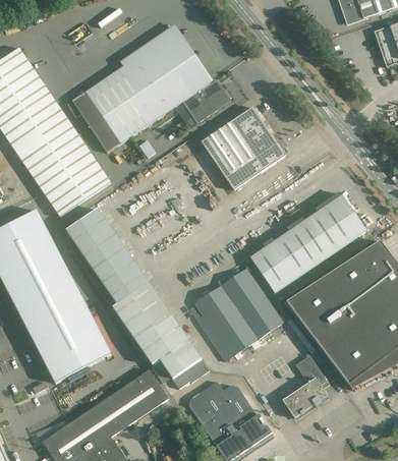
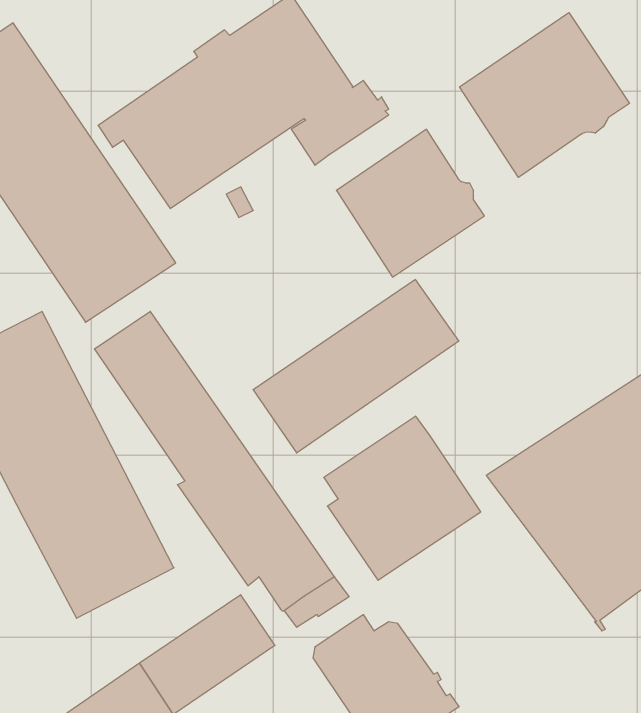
building: none -> [460,13,629,177]
building: [250,195,366,293] -> [253,280,459,453]
building: [281,351,329,417] -> none

